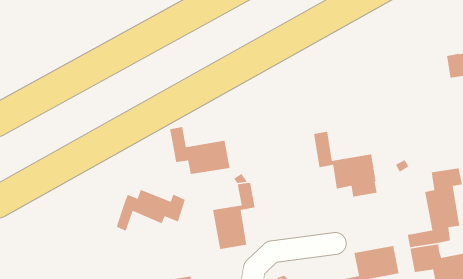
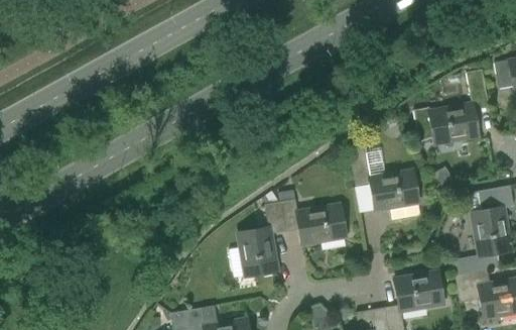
building: none -> [415,70,490,143]
building: [169,126,231,175] -> [279,191,347,244]
building: [116,189,186,232] -> none

